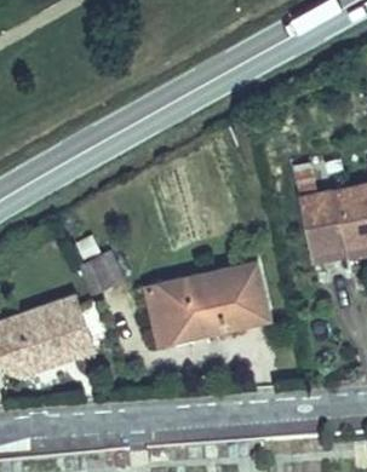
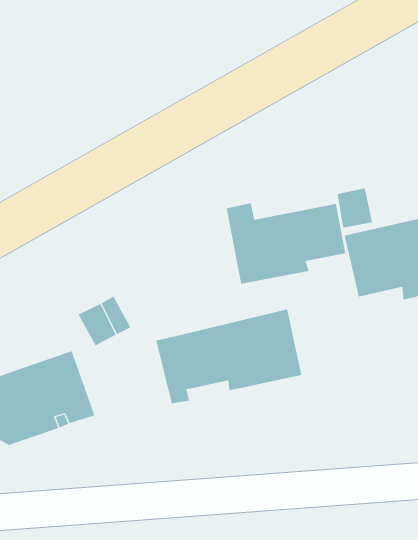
building: none -> [226,203,346,285]

